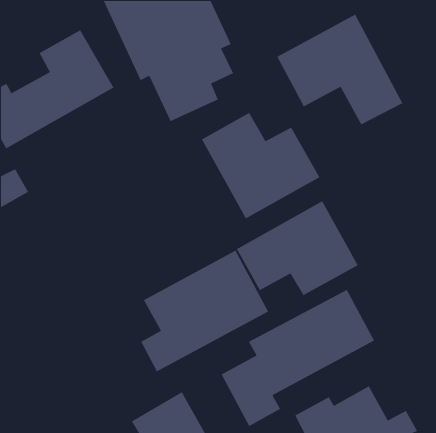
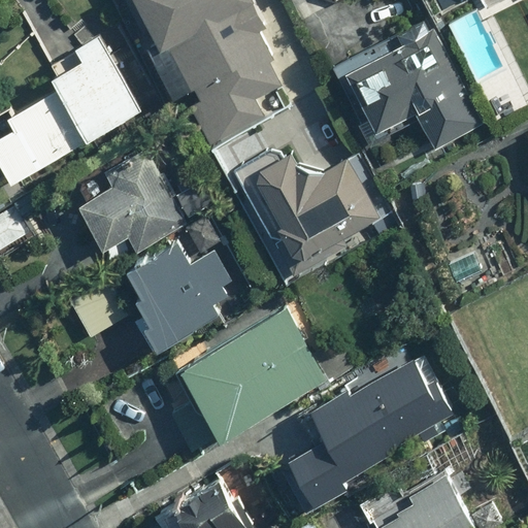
building: none -> [77,146,223,271]
building: none -> [65,242,233,354]
building: [236,200,359,296] -> none

